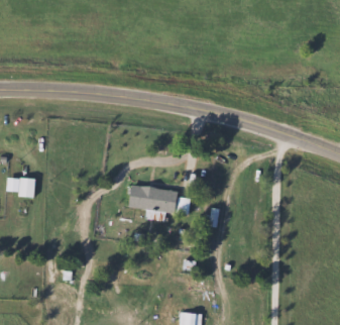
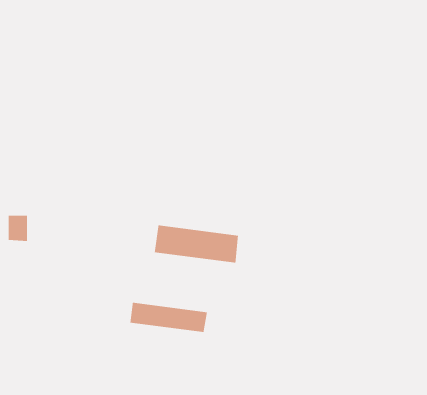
building: none -> [130,302,208,333]

